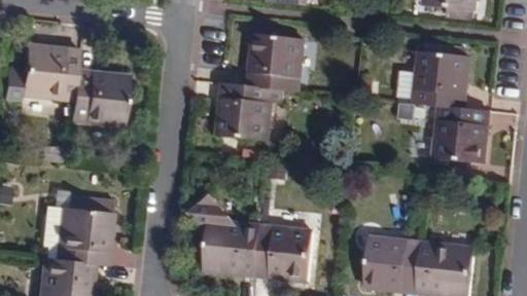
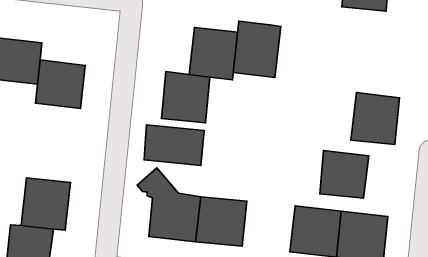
building: none -> [233,21,281,78]
building: [414,50,470,109] -> none
building: none -> [144,125,204,165]
building: none -> [320,150,369,198]

